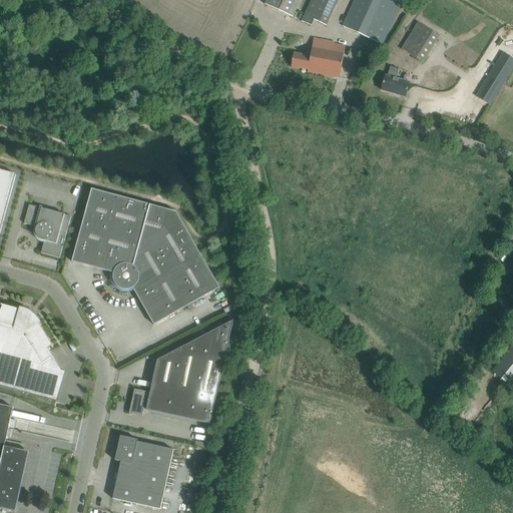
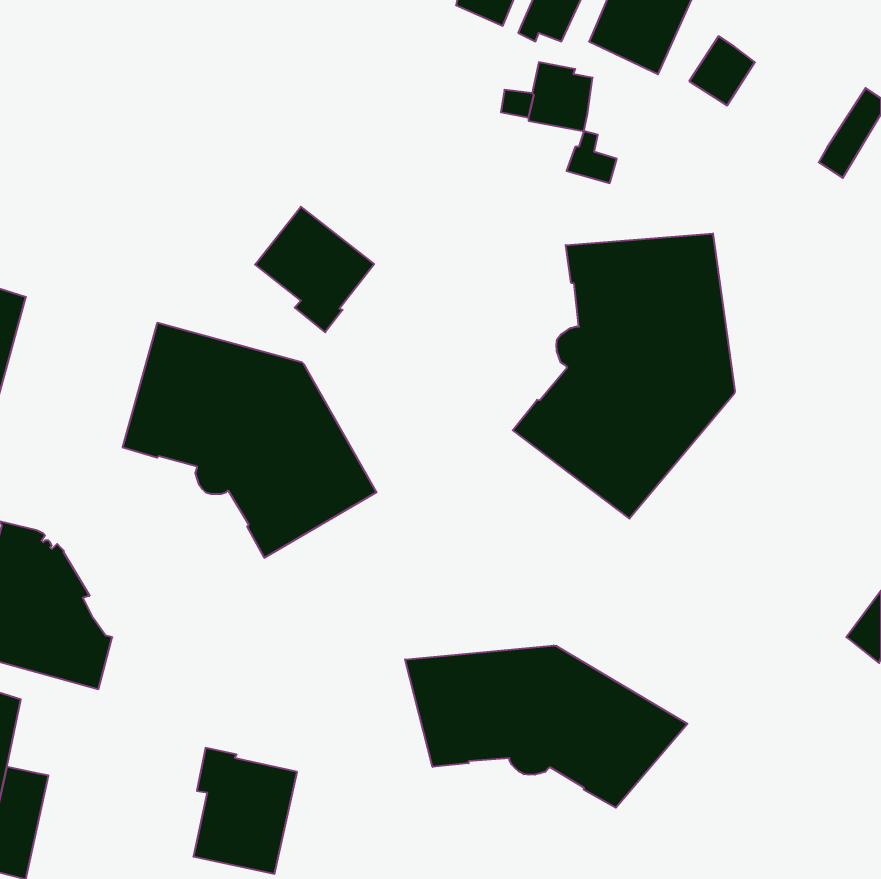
building: [380,65,409,95] -> [567,131,617,183]
building: none -> [255,207,374,332]
building: none -> [513,233,735,519]
building: [23,203,70,256] -> none
building: [128,319,232,422] -> none
building: none -> [405,645,687,808]

